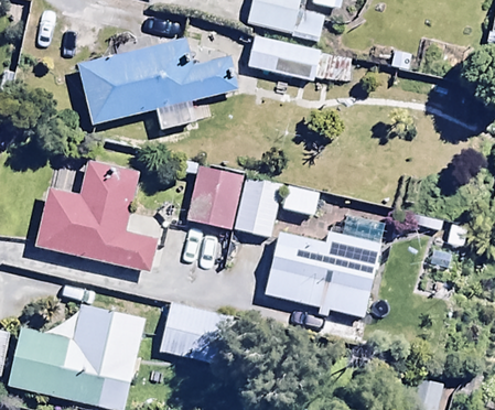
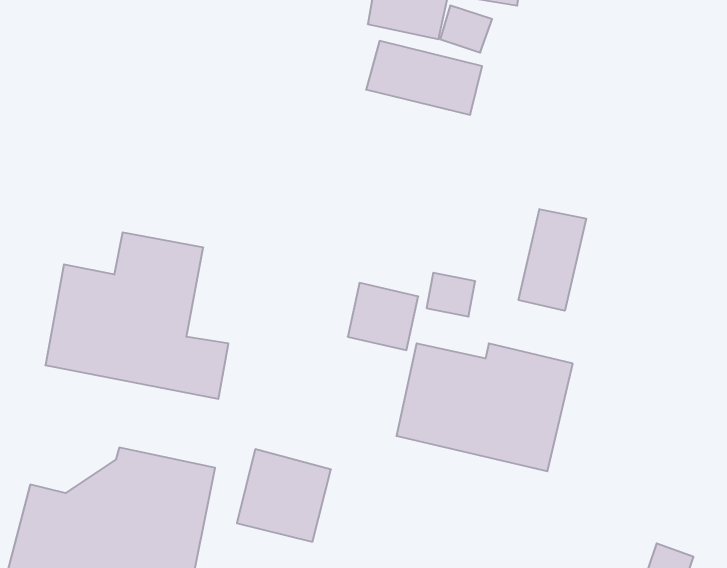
building: [76,33,238,127] -> none
building: none -> [519,209,586,311]
building: [183,184,238,230] -> none

